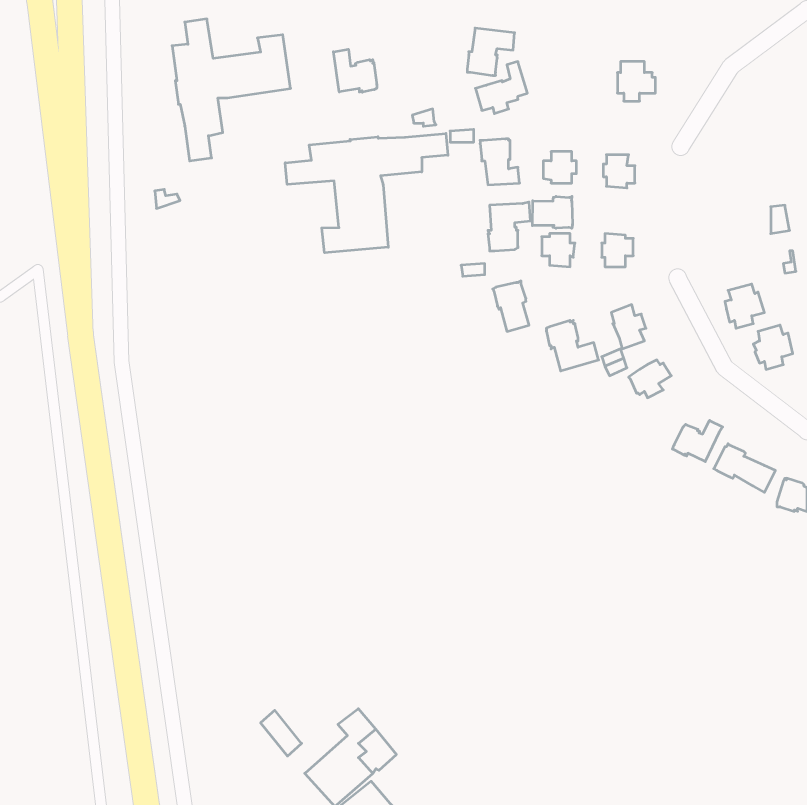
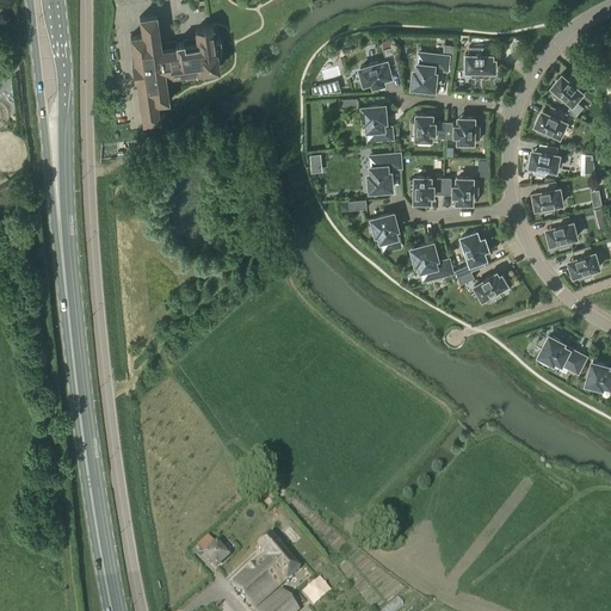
building: [467,28,515,75] -> [413,54,449,90]
building: [333,49,377,92] -> none
building: none -> [551,73,586,105]
building: [285,133,448,253] -> none
building: none -> [536,106,567,138]
building: none -> [530,144,560,175]
building: [532,196,572,228] -> none
building: none -> [533,181,563,214]
building: [672,420,723,462] -> none

